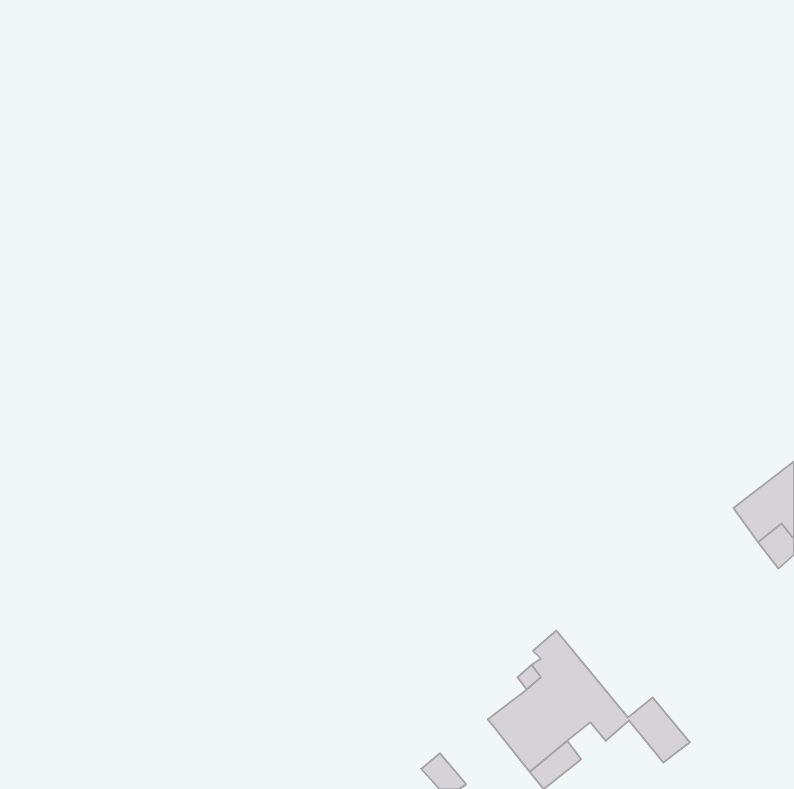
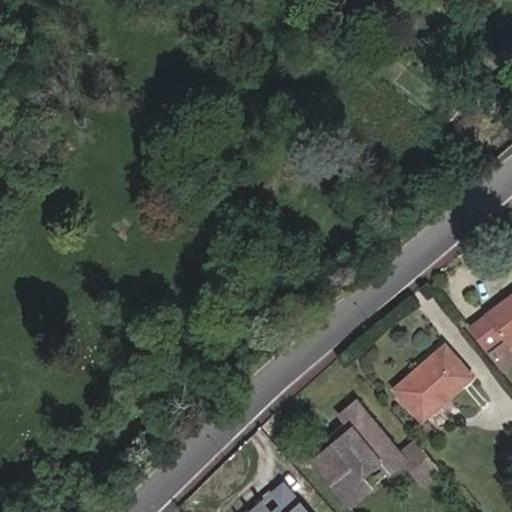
building: none -> [397,346,471,416]

